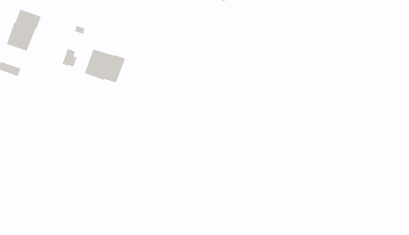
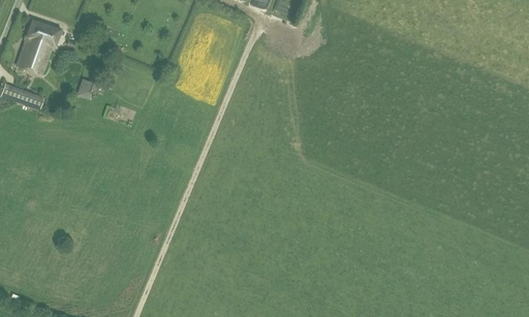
building: [84,49,126,84] -> none

